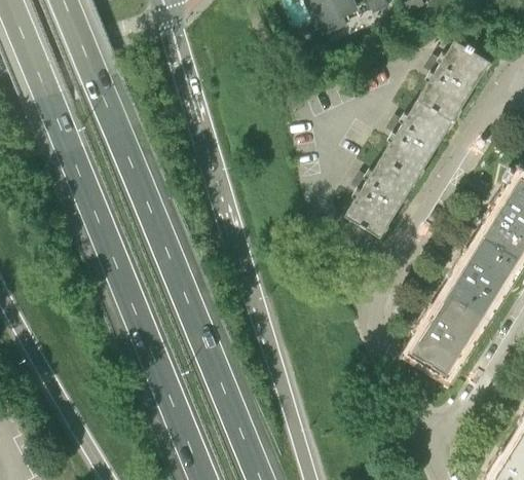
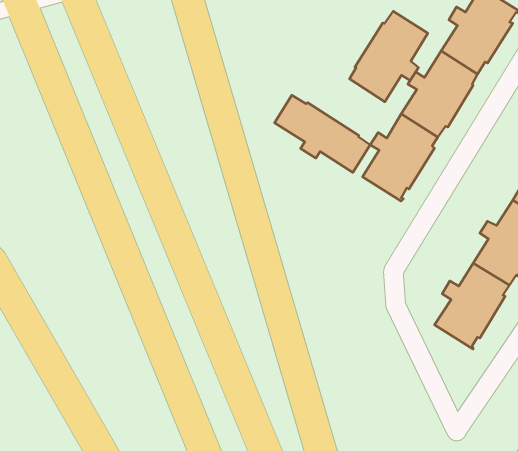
building: none -> [350,11,428,102]
building: none -> [274,95,370,172]

